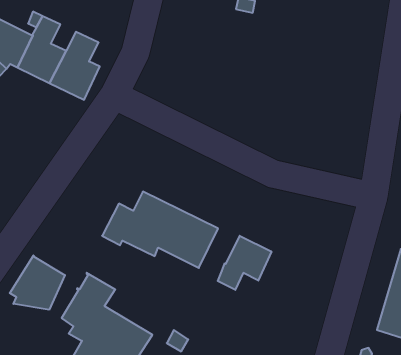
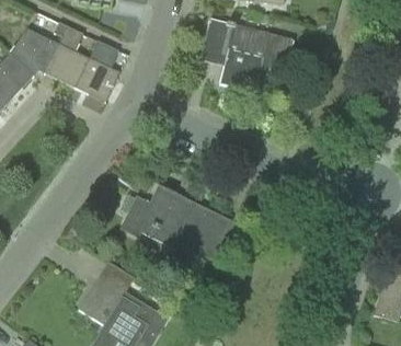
building: none -> [200,19,293,92]
building: [218,236,271,290] -> none
building: [10,255,65,310] -> none

